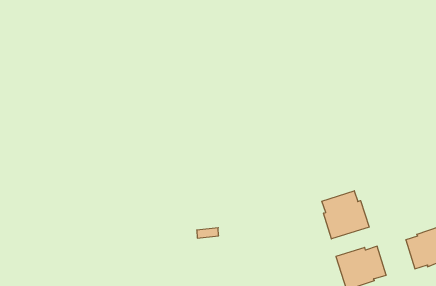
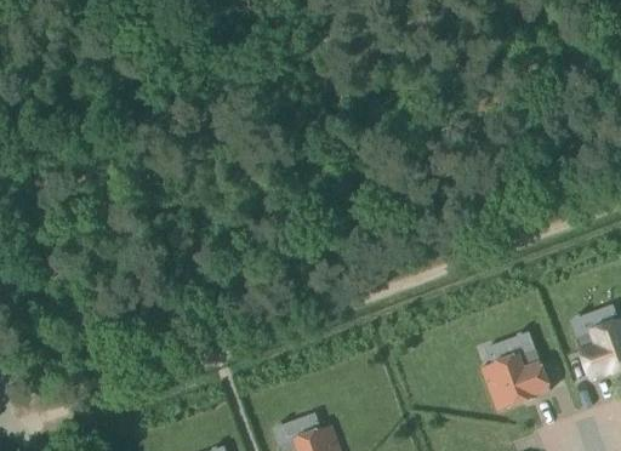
building: [322,191,369,239] -> none

